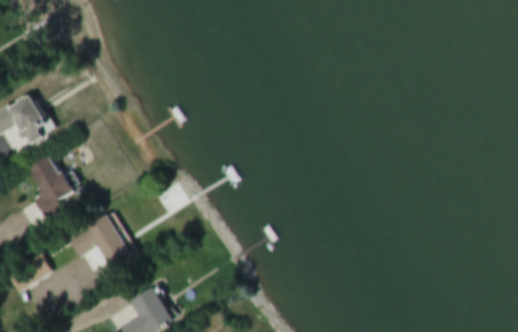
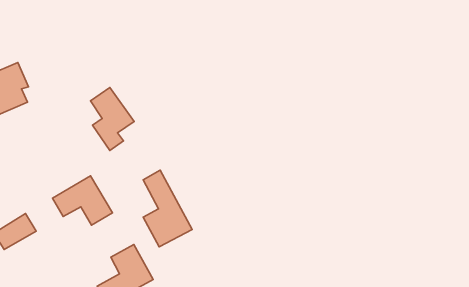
building: [28,154,74,220] -> [91,87,134,150]
building: none -> [143,170,192,247]

